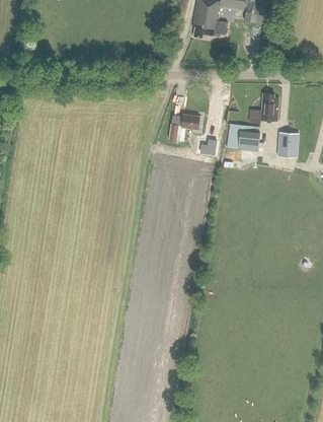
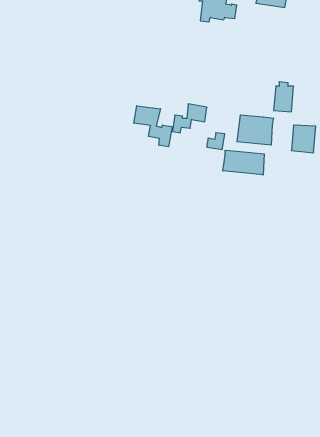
building: none -> [134,106,172,147]
building: none -> [223,150,264,175]

